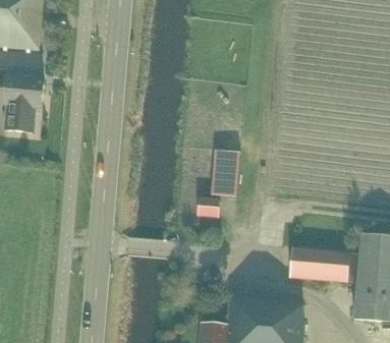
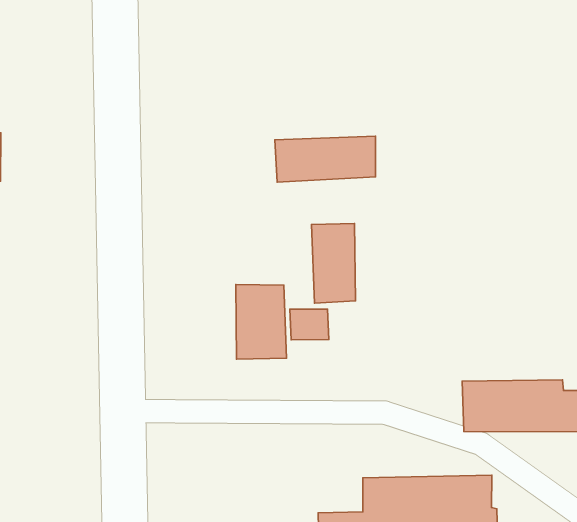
building: none -> [275,136,375,182]
building: none -> [236,284,287,359]

